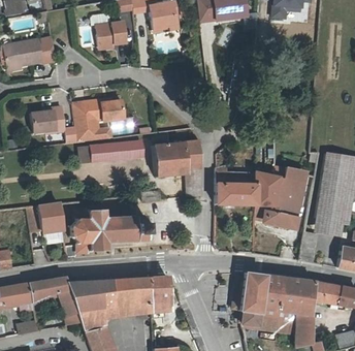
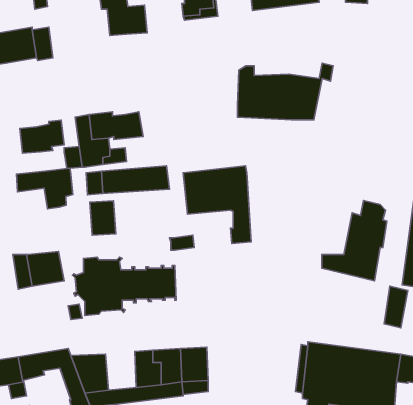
building: none -> [17,168,73,209]
building: [216,164,287,206] -> [238,63,333,120]
building: none -> [90,201,116,235]
building: [95,279,118,308] -> none

